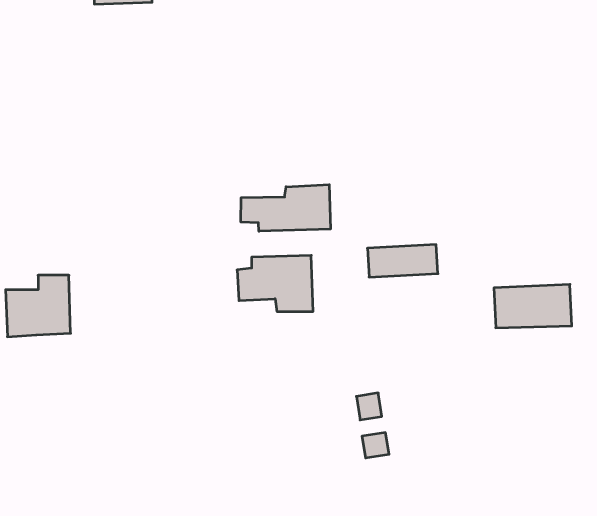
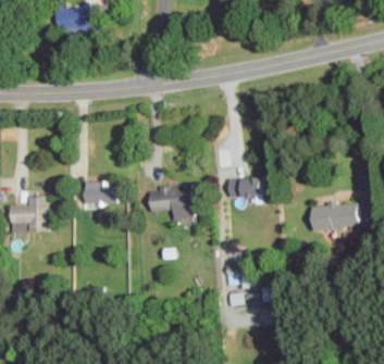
building: [241,185,330,231] -> none
building: none -> [84,181,120,204]

